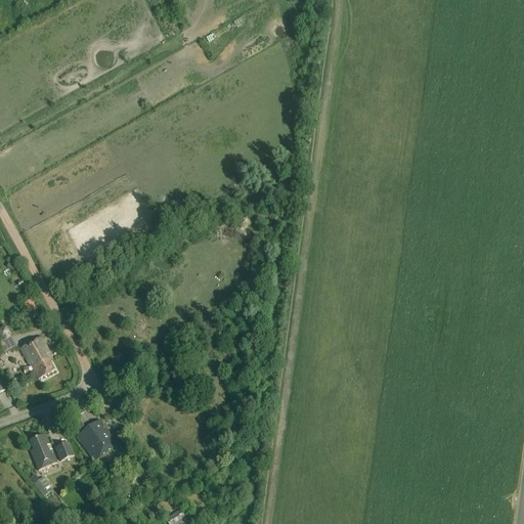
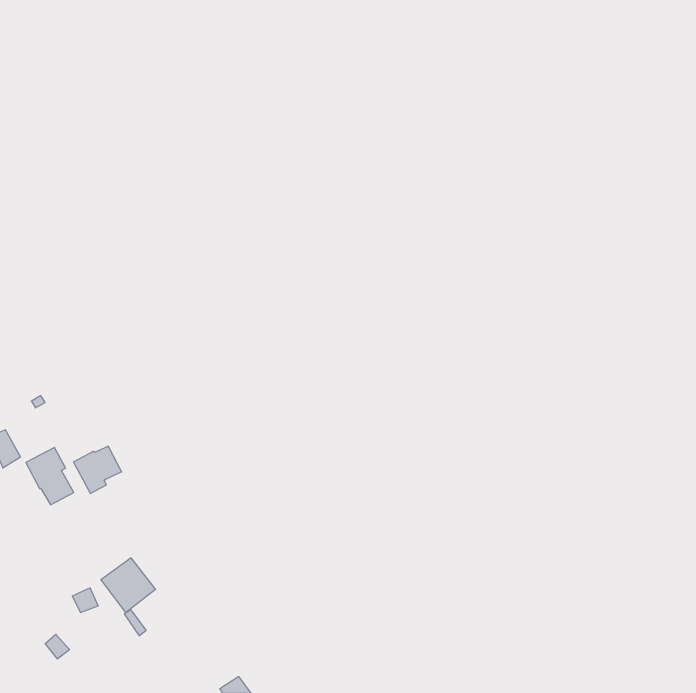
building: none -> [74,446,122,493]
building: [30,434,56,468] -> none

